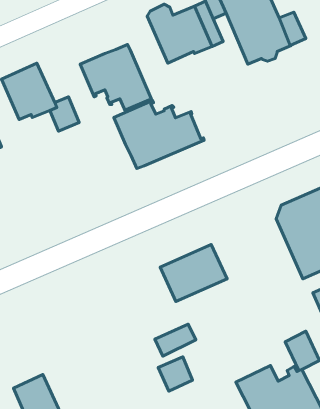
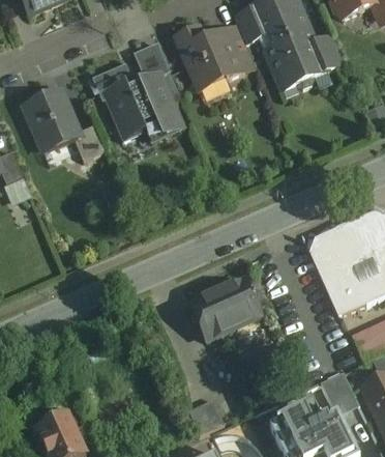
building: none -> [135,45,170,75]
building: none -> [92,62,131,99]
building: [114,101,204,169] -> none
building: [155,324,196,356] -> none

